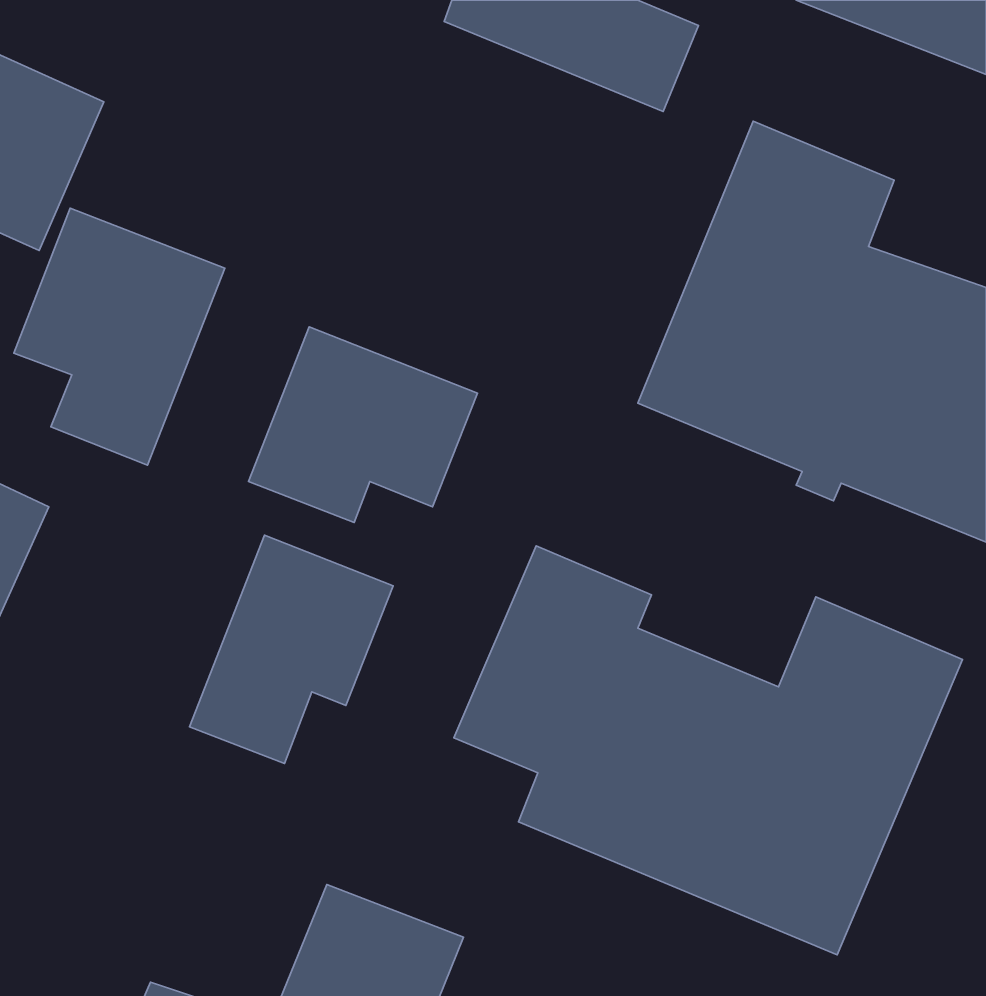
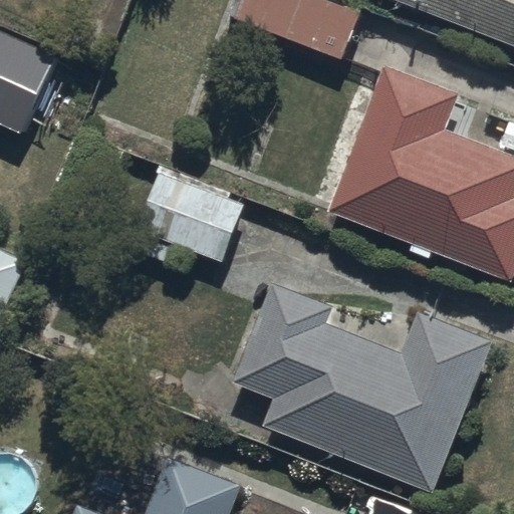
building: [14,208,225,465] -> none
building: [190,535,393,764] -> none

